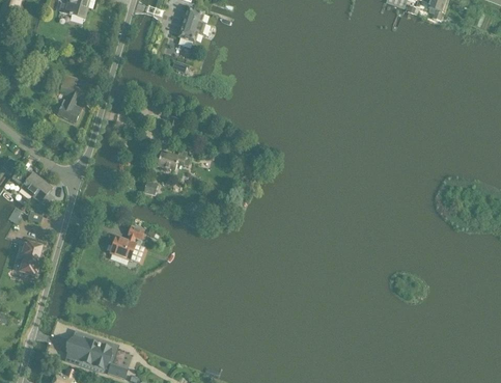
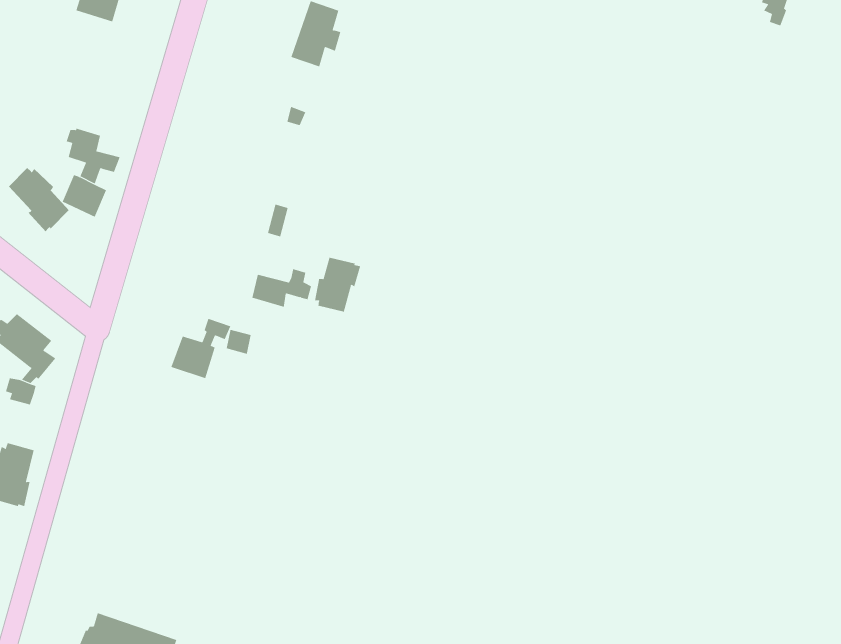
building: none -> [8,167,69,232]
building: none -> [314,257,361,313]
building: [110,226,142,258] -> [171,318,231,379]

